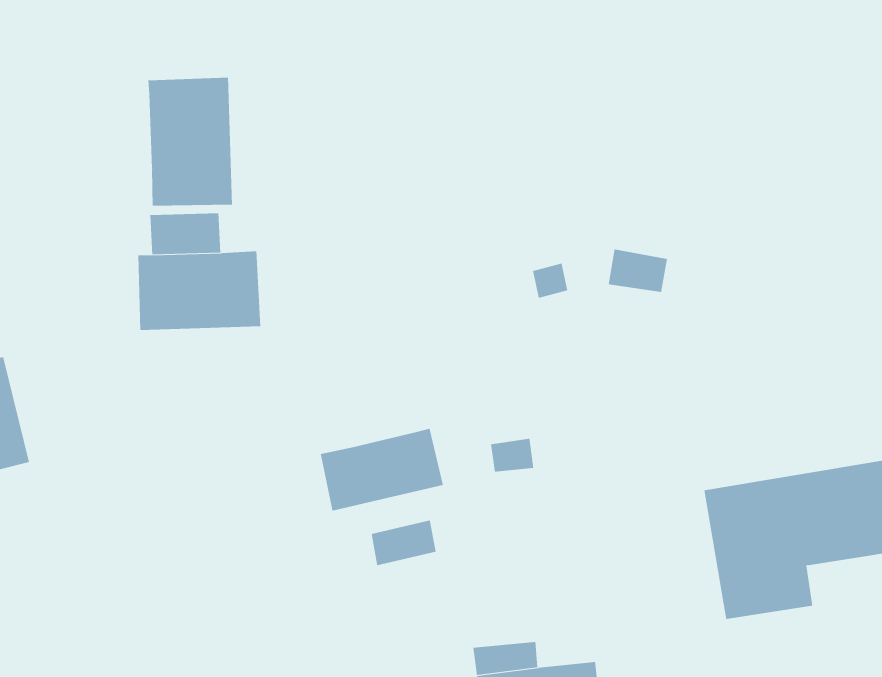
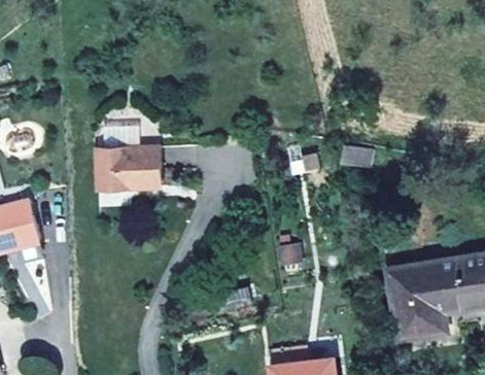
building: [148,77,233,206] -> none
building: [320,428,444,511] -> none

